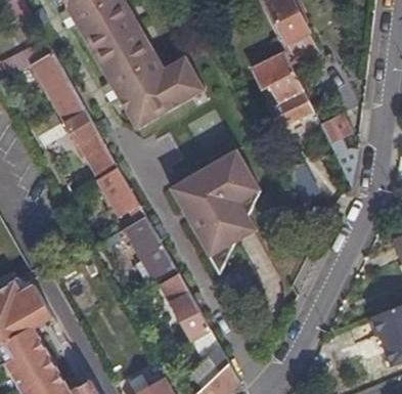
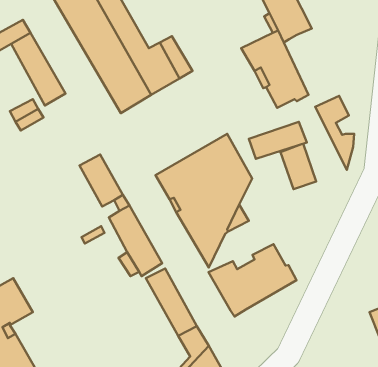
building: [65,111,118,179] -> none
building: none -> [249,122,307,159]
building: none -> [209,244,297,317]

